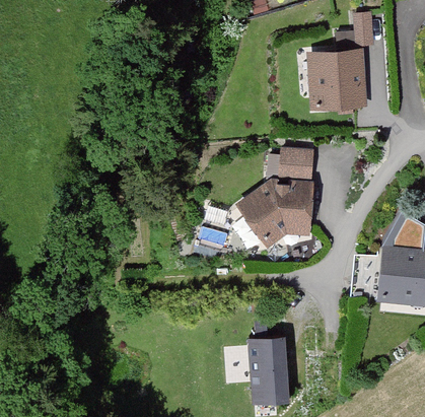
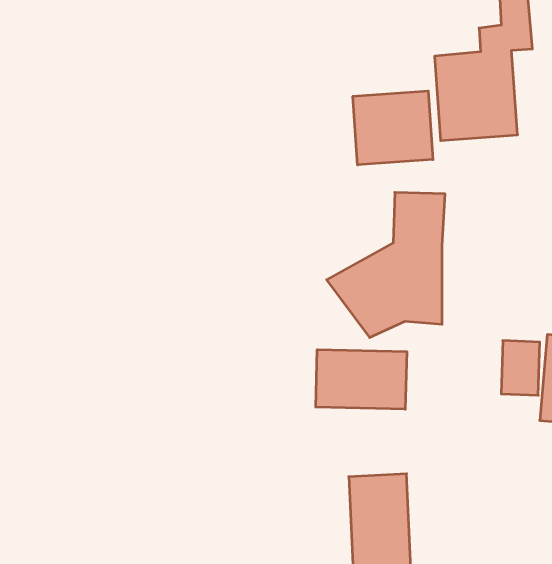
building: none -> [353,91,433,165]
building: none -> [316,350,407,409]

